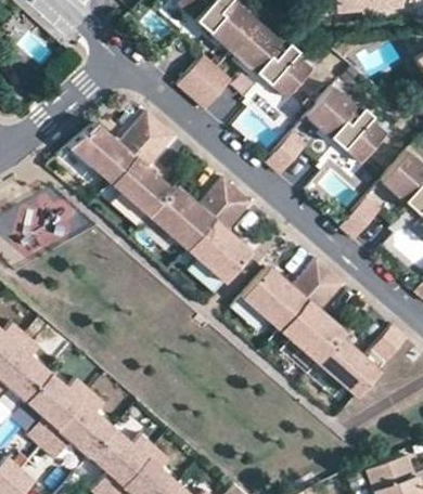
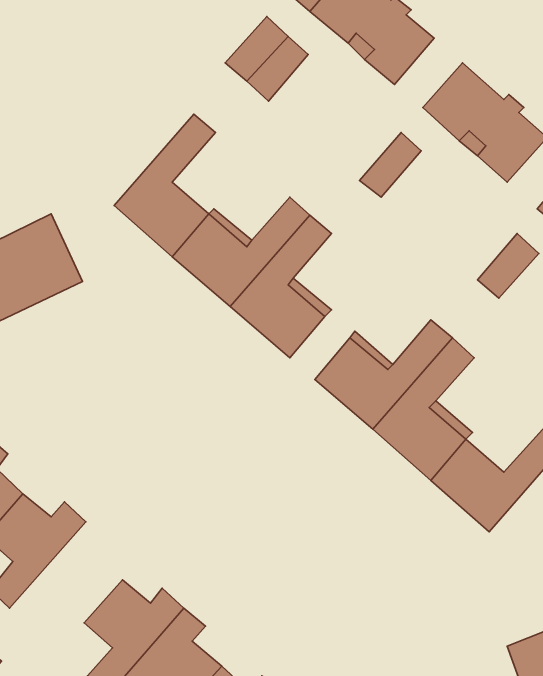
building: [69,109,159,181] -> none
building: [39,388,113,456] -> none

